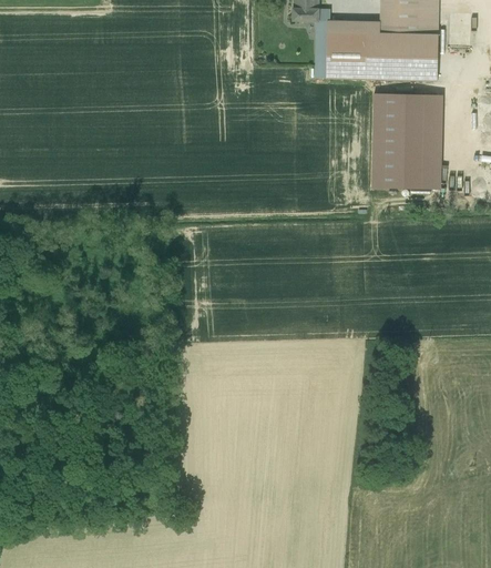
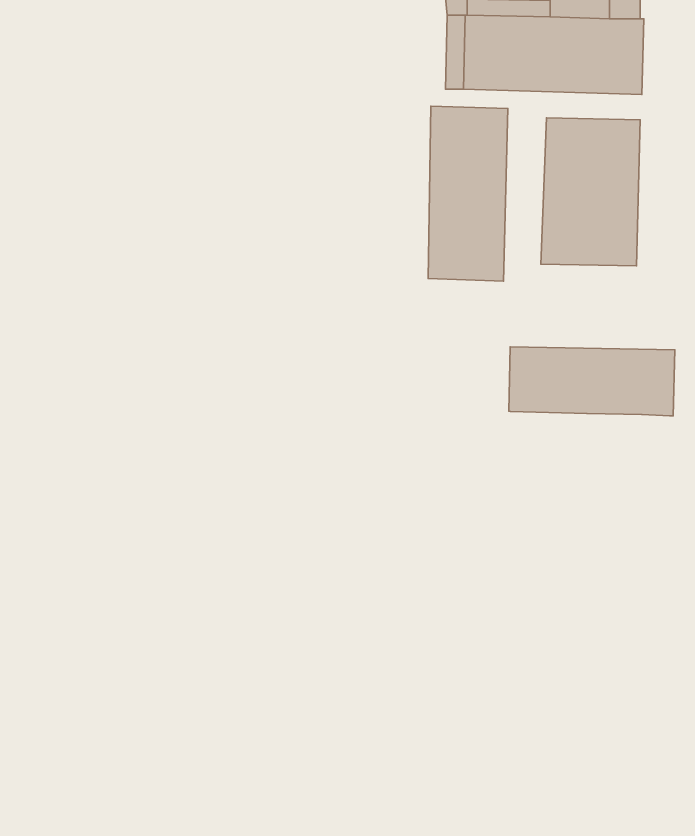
building: none -> [428,106,508,281]
building: none -> [509,347,675,416]

